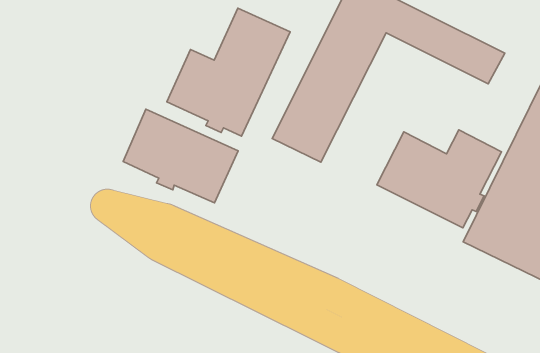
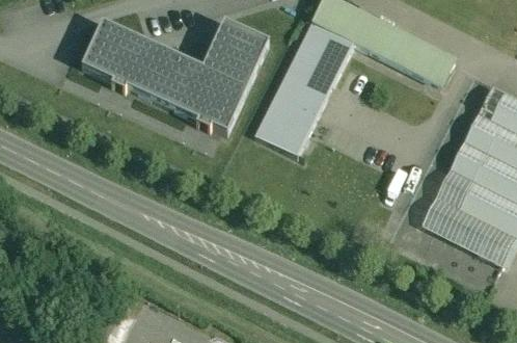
building: [123,109,238,203] -> [82,20,183,102]
building: [377,130,501,228] -> none

